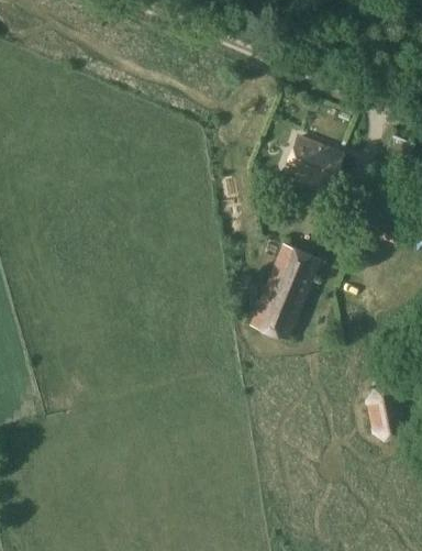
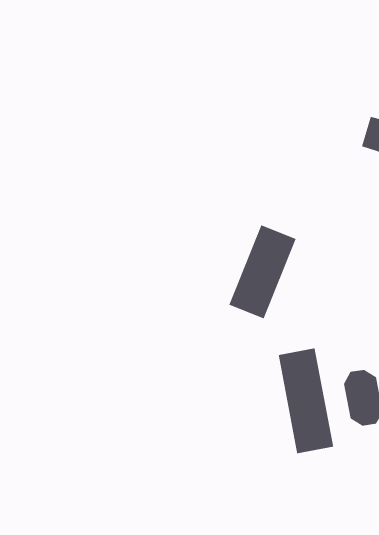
building: [286,137,340,186] -> none
building: none -> [278,347,334,454]

